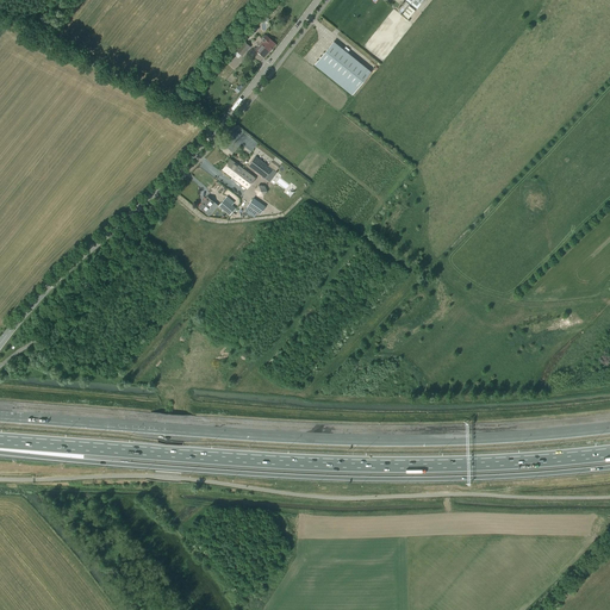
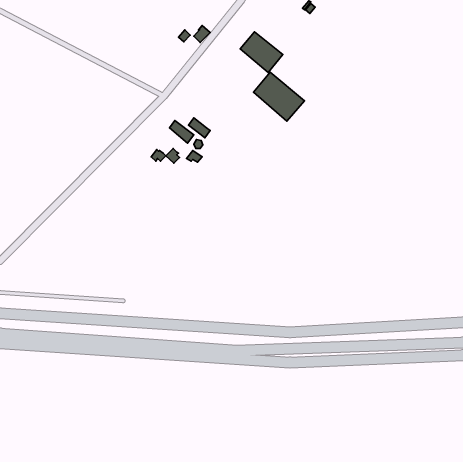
building: none -> [253,72,305,121]

